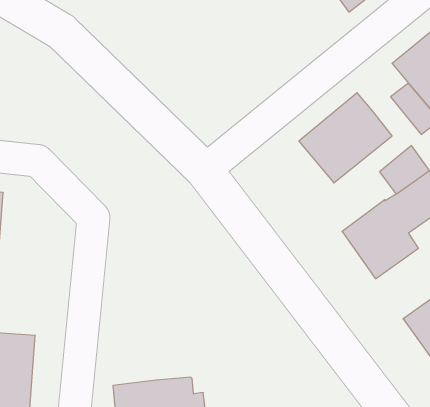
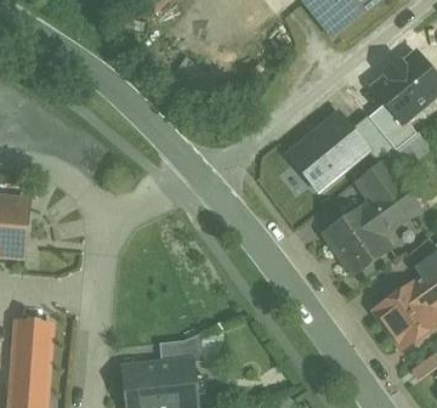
building: none -> [350,114,392,160]
building: none -> [158,332,203,362]

